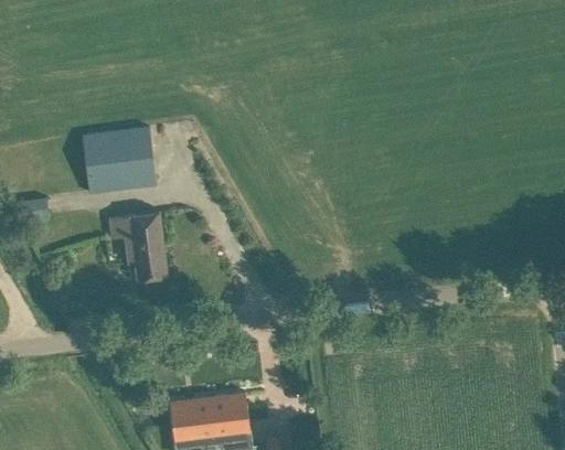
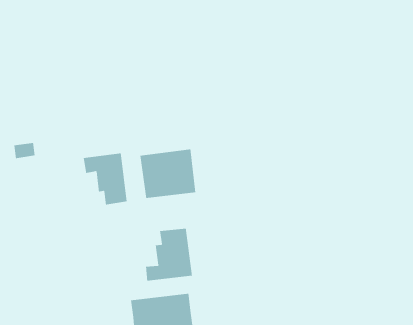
building: [83,128,156,192] -> [139,149,196,198]
building: none -> [146,228,193,282]

